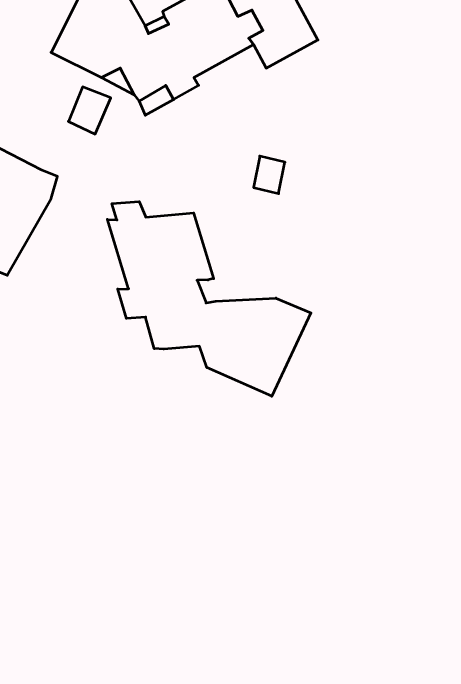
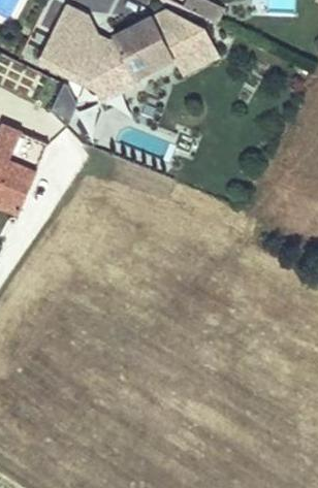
building: [107,202,311,396] -> none

